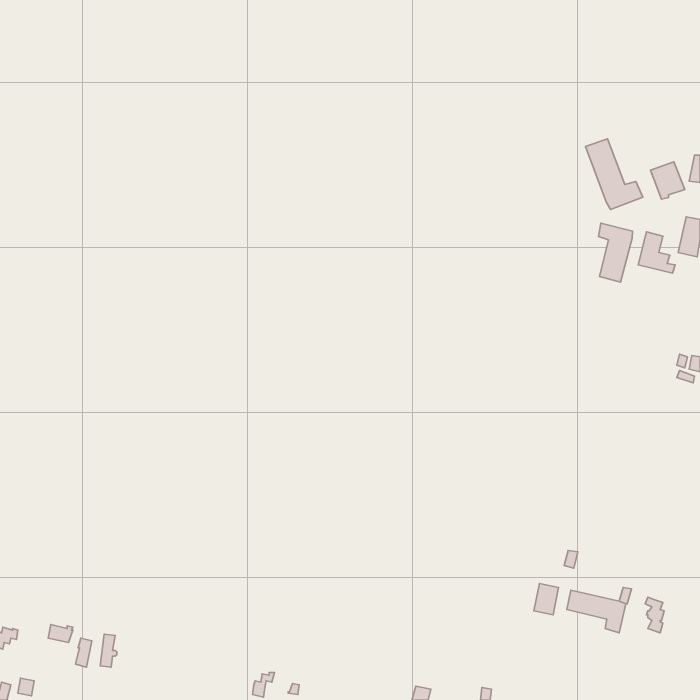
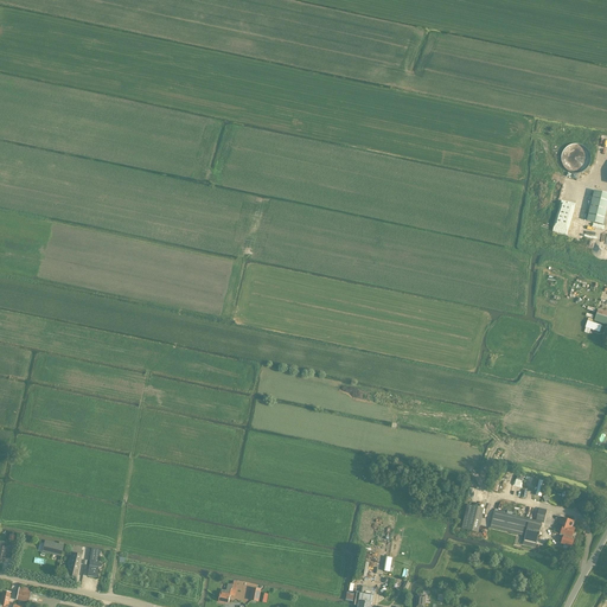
building: [586,139,643,209] -> none
building: [598,223,633,282] -> none

